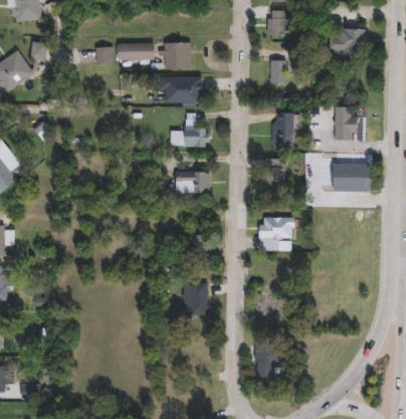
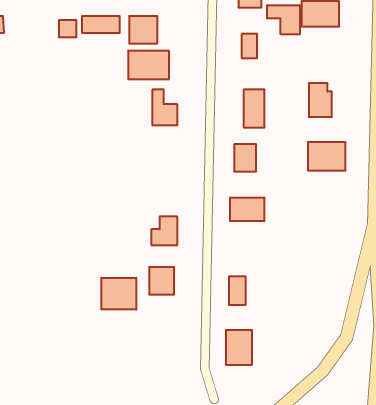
building: none -> [267,5,300,34]
building: [175,173,209,194] -> none
building: none -> [101,278,136,310]

